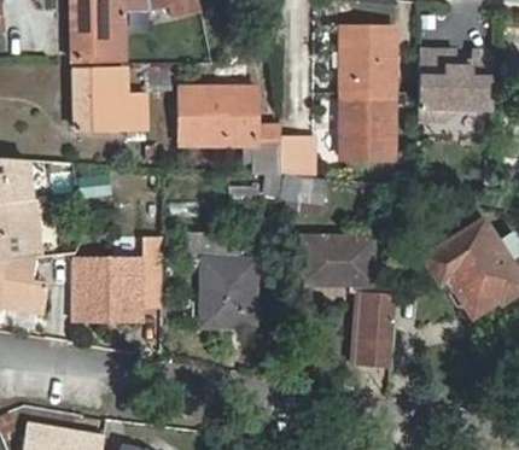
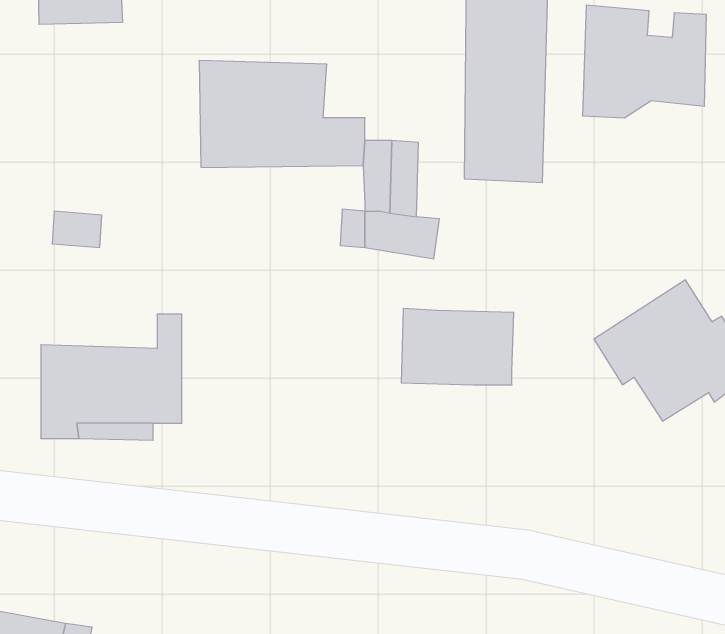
building: [71,68,151,127] -> none
building: [186,234,252,331] -> none
building: [346,276,392,369] -> none

